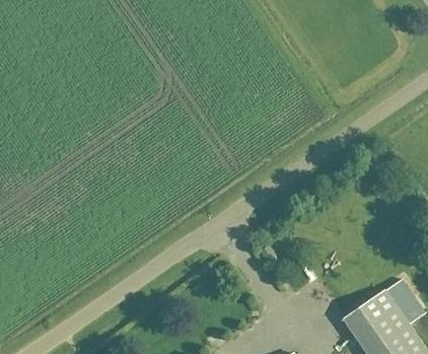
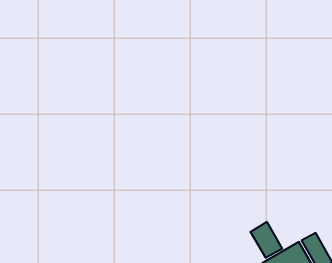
building: none -> [250,222,282,258]

